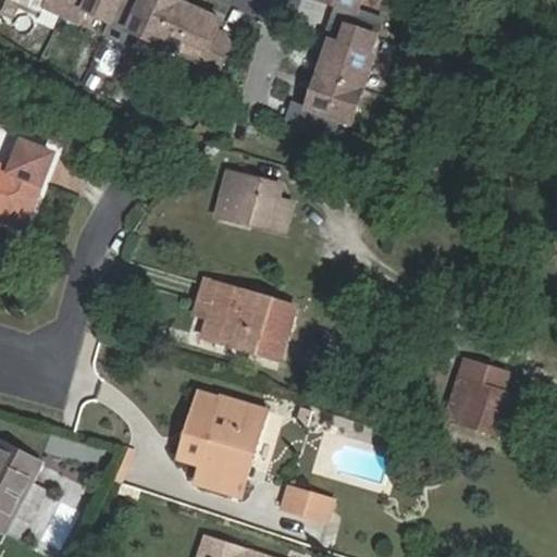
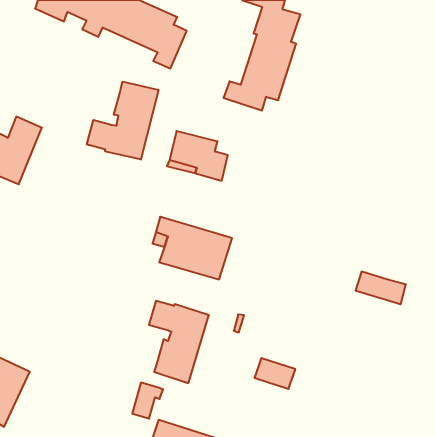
building: none -> [87,82,158,160]
building: [440,370,509,429] -> none
building: [178,413,218,459] -> [132,383,163,419]
building: [280,483,332,522] -> [254,358,295,389]

